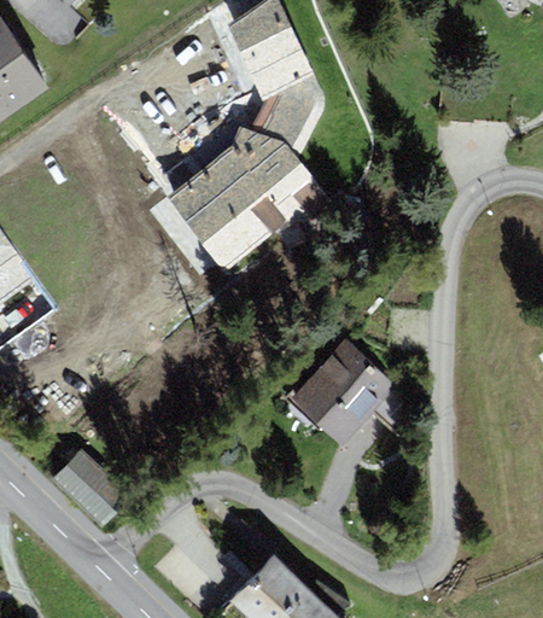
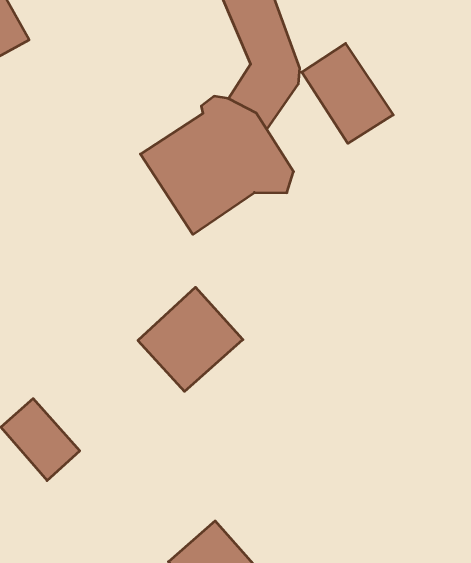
building: none -> [302,43,393,143]
building: [288,338,393,443] -> [138,287,243,391]

